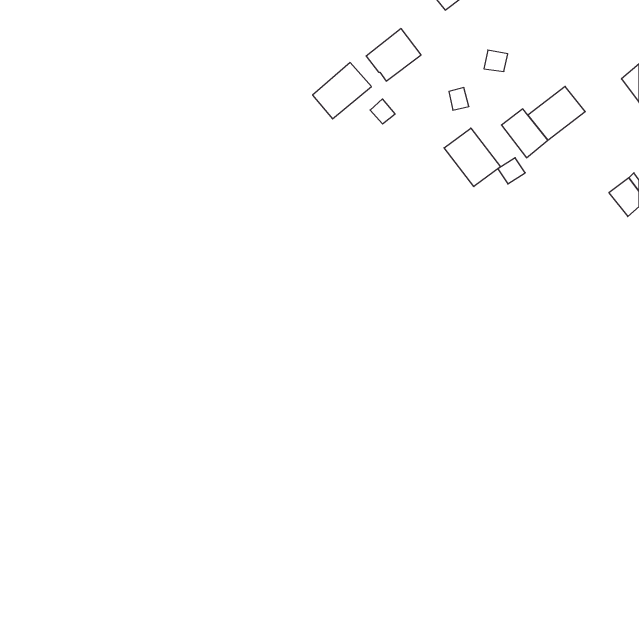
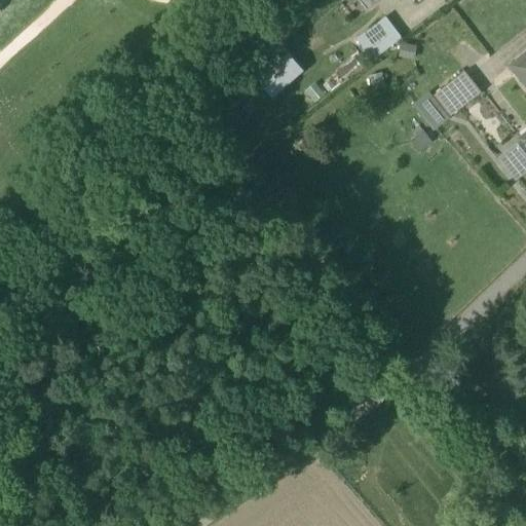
building: [366,29,421,81] -> [356,15,402,59]
building: [444,128,501,187] -> none

